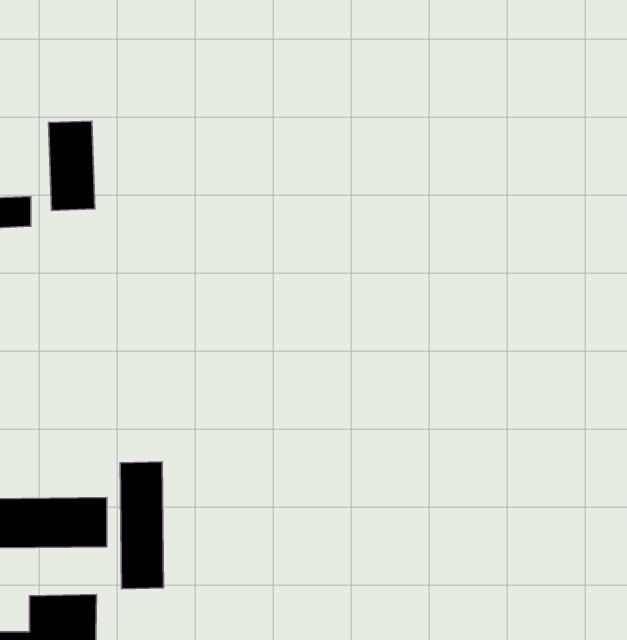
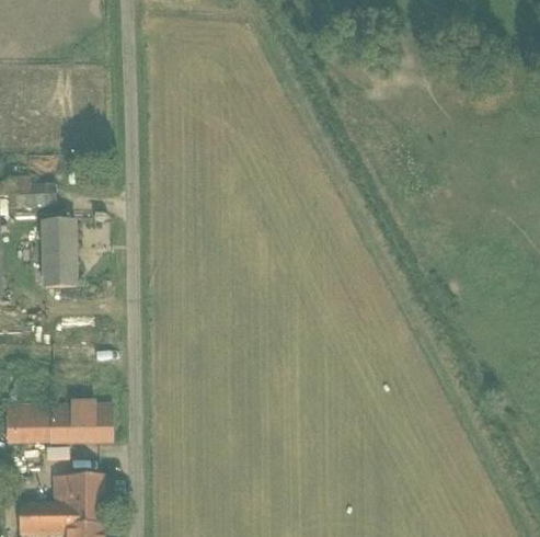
building: [49,121,95,210] -> [42,220,76,286]
building: [120,462,164,589] -> none

